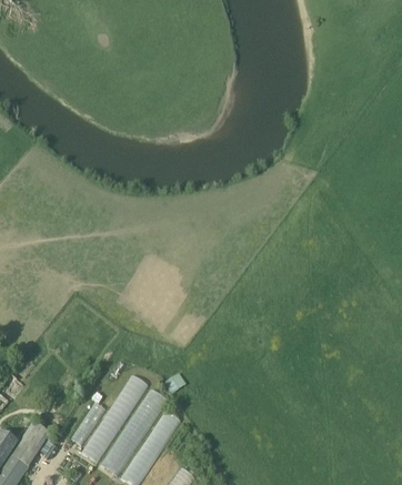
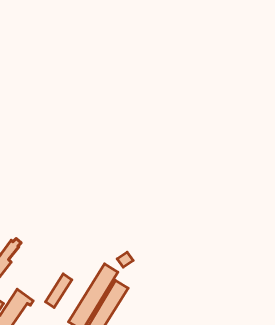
building: [82,375,147,465] -> none

